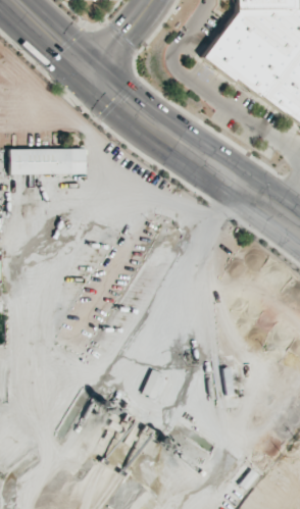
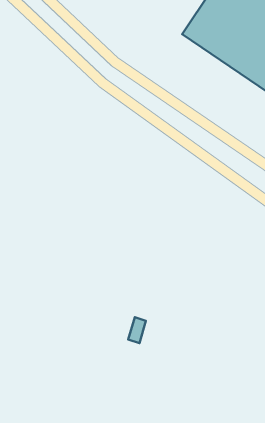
building: [11,148,88,173] -> none

